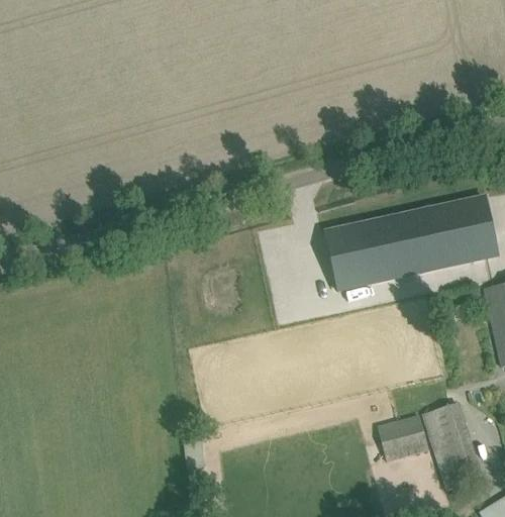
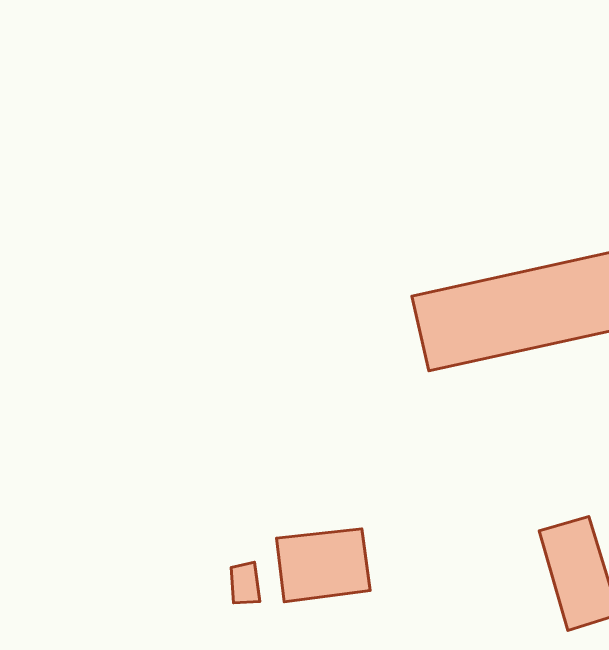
building: none -> [276,529,370,602]
building: [378,414,428,460] -> none

